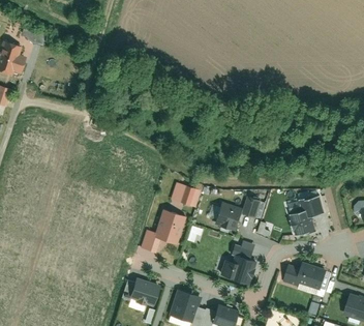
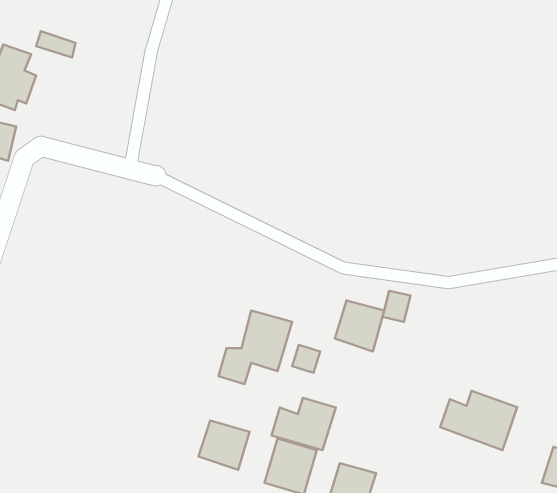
building: [170,181,201,208] -> none
building: [286,191,323,235] -> none
building: [218,253,259,286] -> [272,398,336,450]

